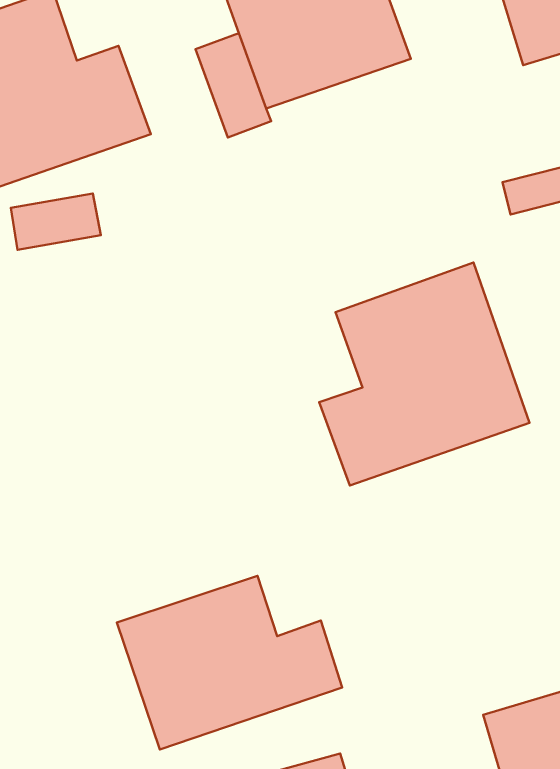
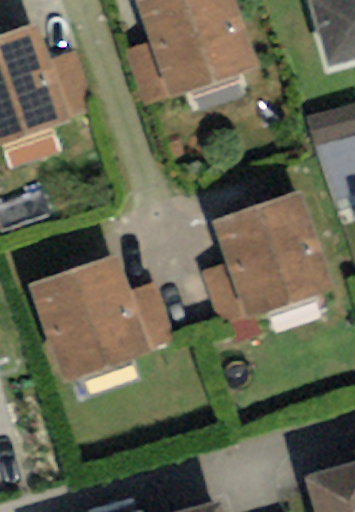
building: none -> [28,252,174,380]
building: [117,576,342,749] -> none

